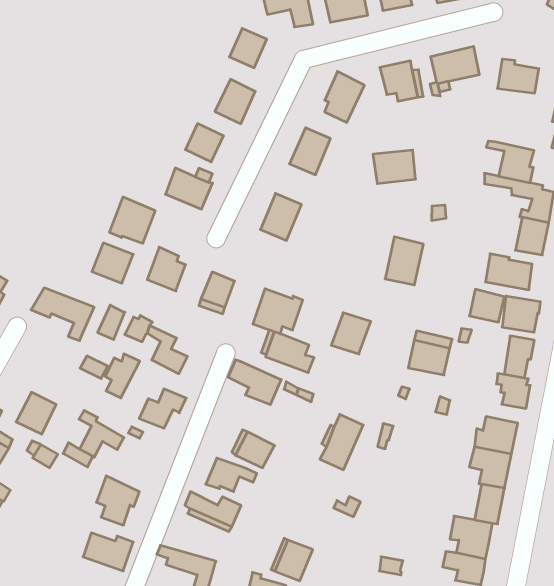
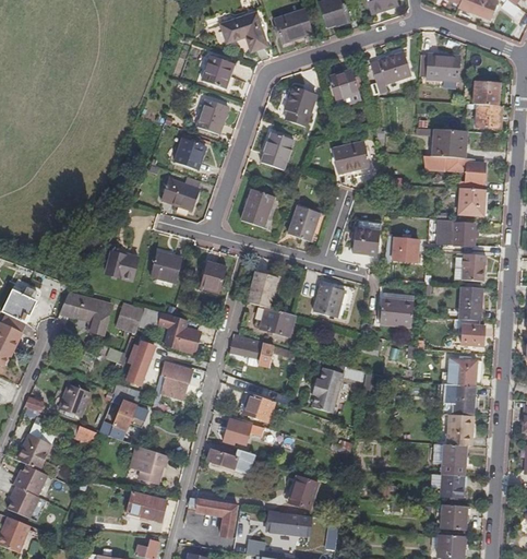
building: [110,197,155,243] -> none
building: none -> [287,205,319,241]
building: [469,289,504,322] -> [393,236,420,261]

